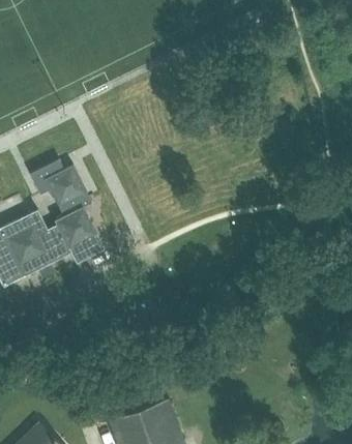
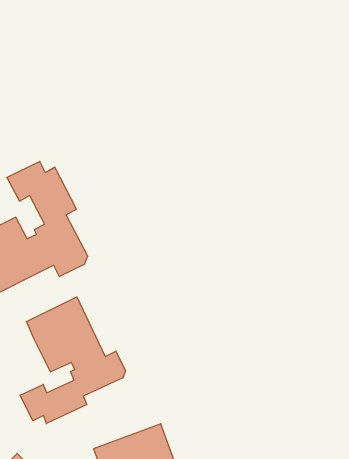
building: none -> [20,297,125,424]

